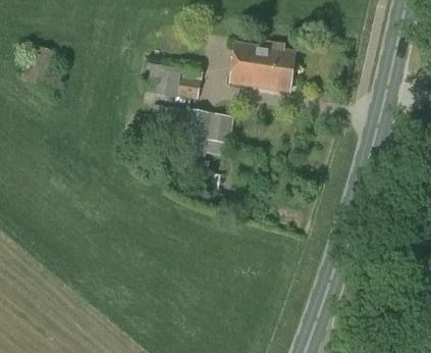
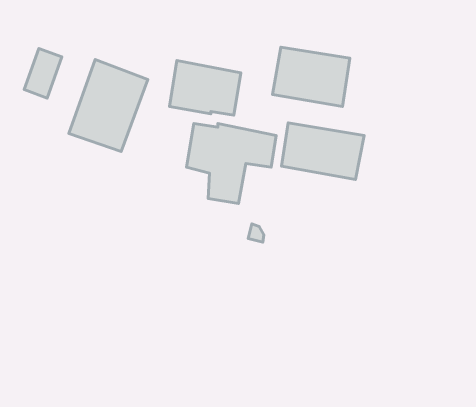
building: none -> [69,60,148,151]
building: none -> [281,123,364,179]

